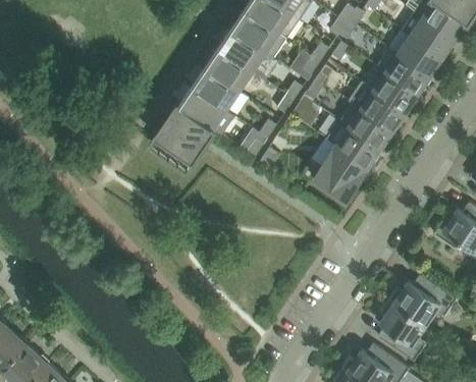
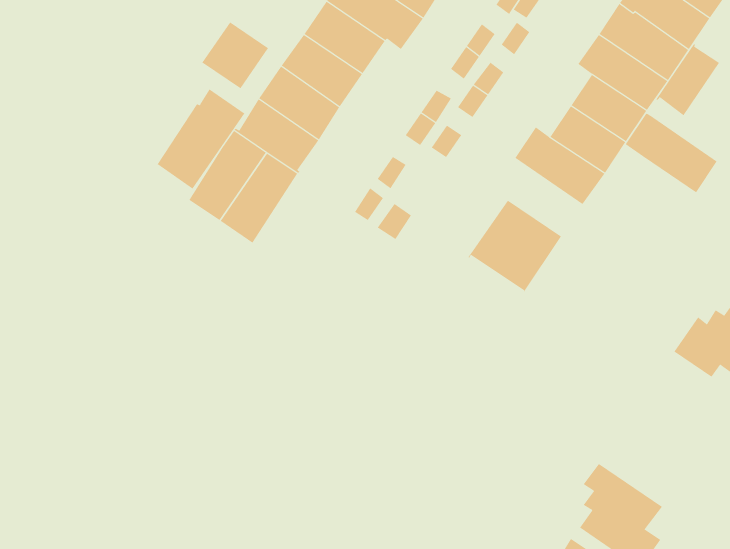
building: none -> [202,22,269,89]
building: none -> [656,44,720,116]
building: none -> [157,88,245,189]
building: [326,120,380,167] -> [625,113,717,193]
building: [389,275,457,325] -> none

